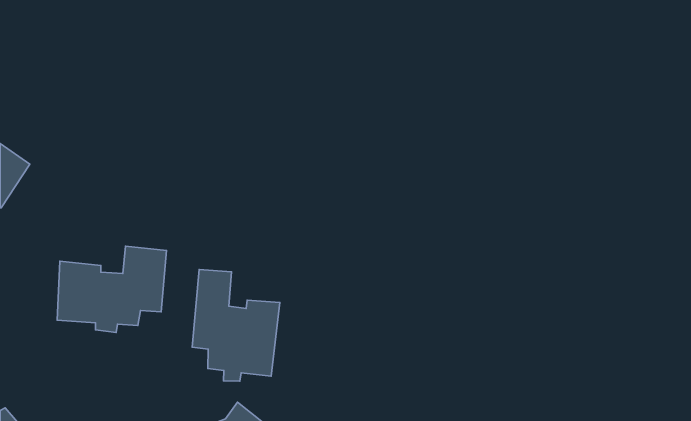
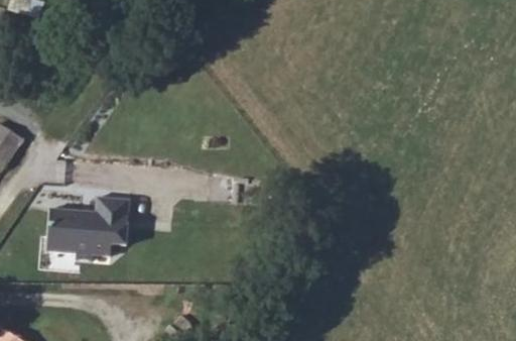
building: [192,269,280,381] -> none

